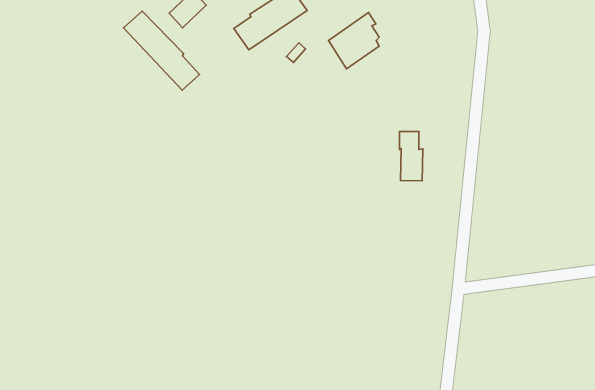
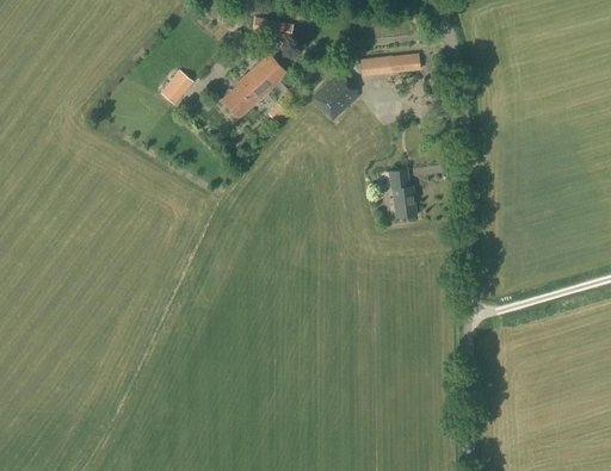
building: none -> [360,54,420,75]
building: [123,11,200,90] -> none

